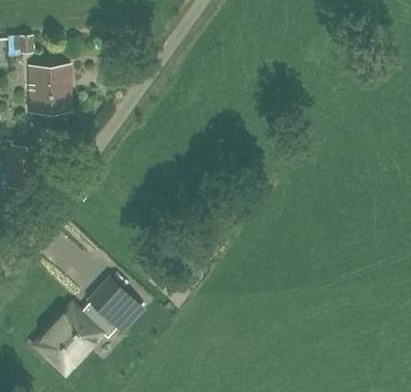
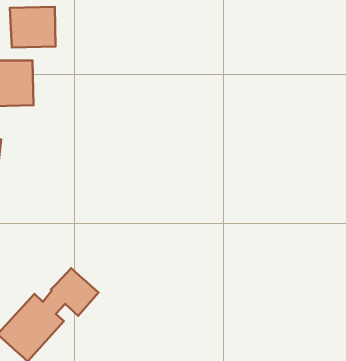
building: none -> [10,7,56,48]

